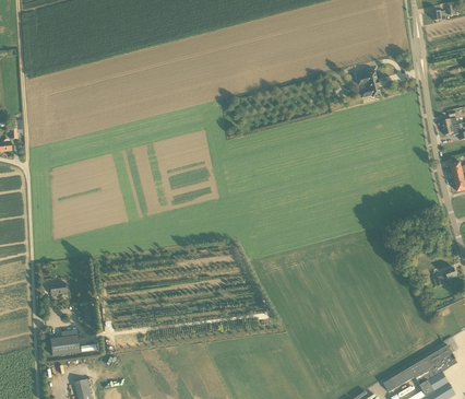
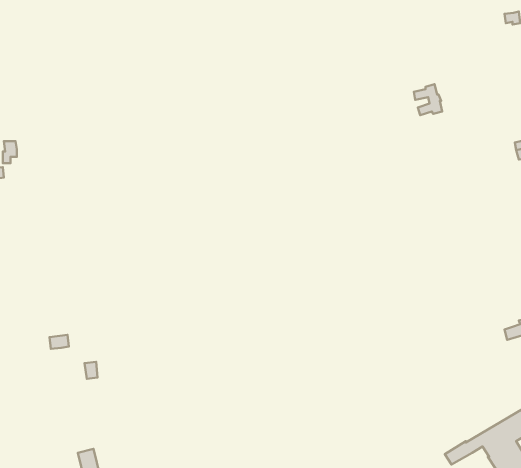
building: [49,335,79,355] -> none

